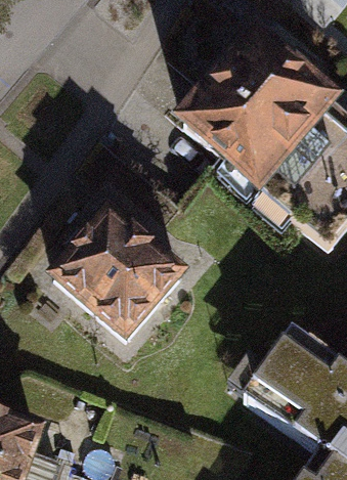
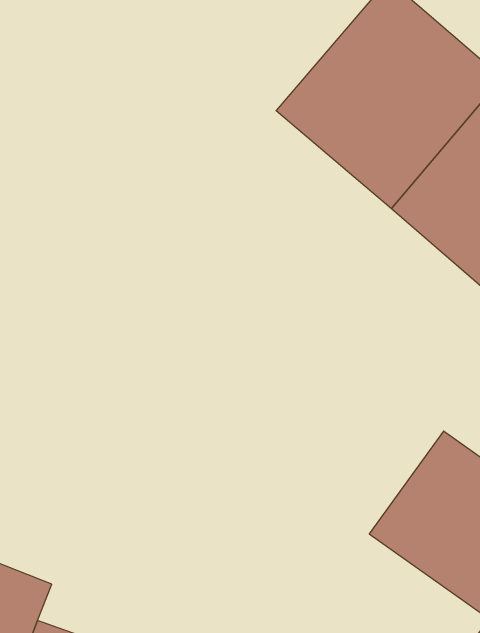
building: [51,208,177,334] -> none

